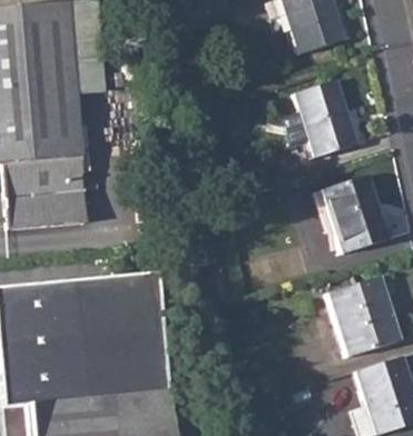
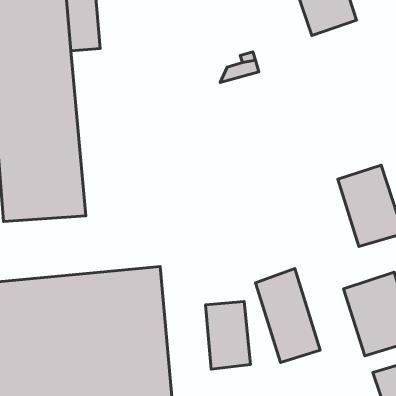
building: [286,80,357,156] -> none
building: none -> [255,269,320,362]
building: none -> [206,301,250,369]

